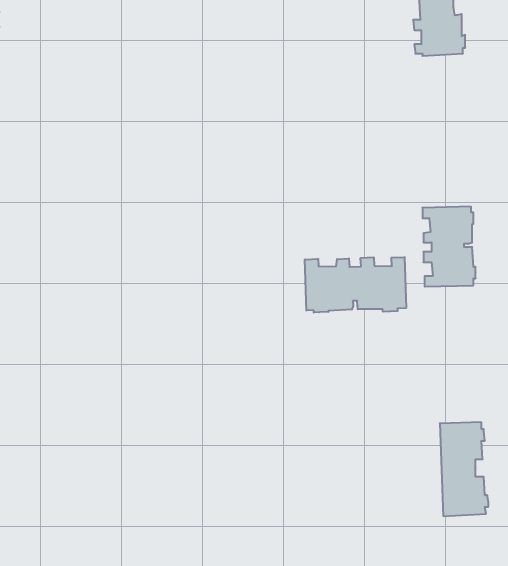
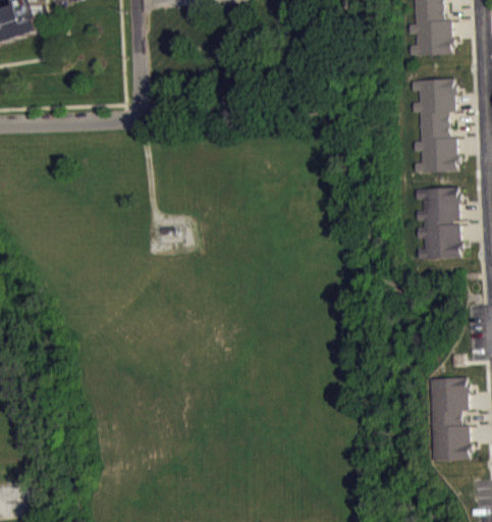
building: none -> [409,77,458,171]
building: [305,257,406,313] -> none

